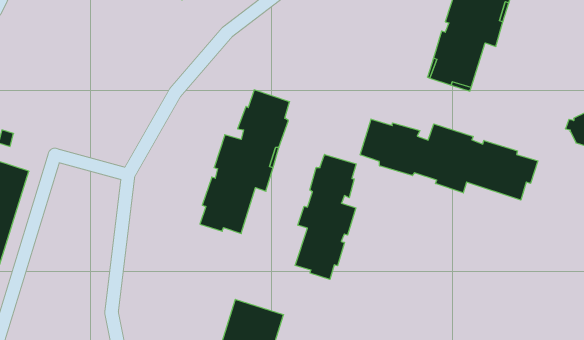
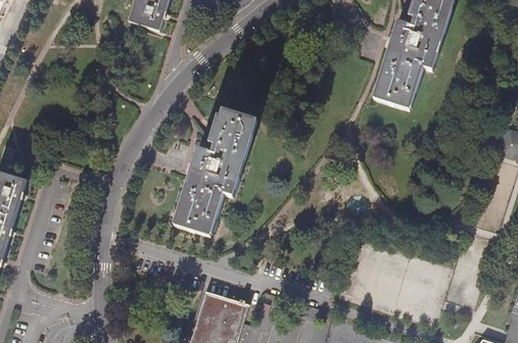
building: [360,119,538,200] -> none
building: [295,154,356,279] -> none

